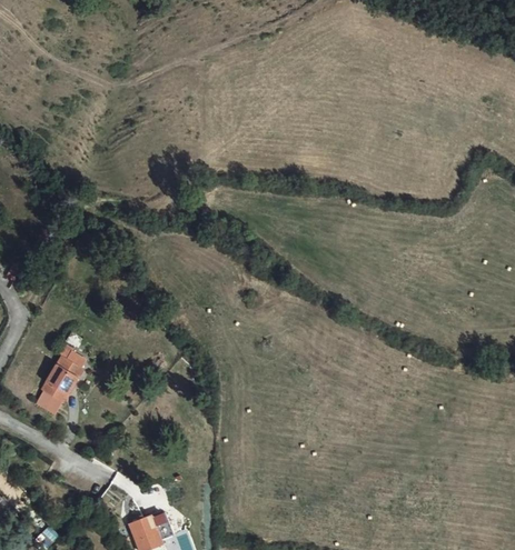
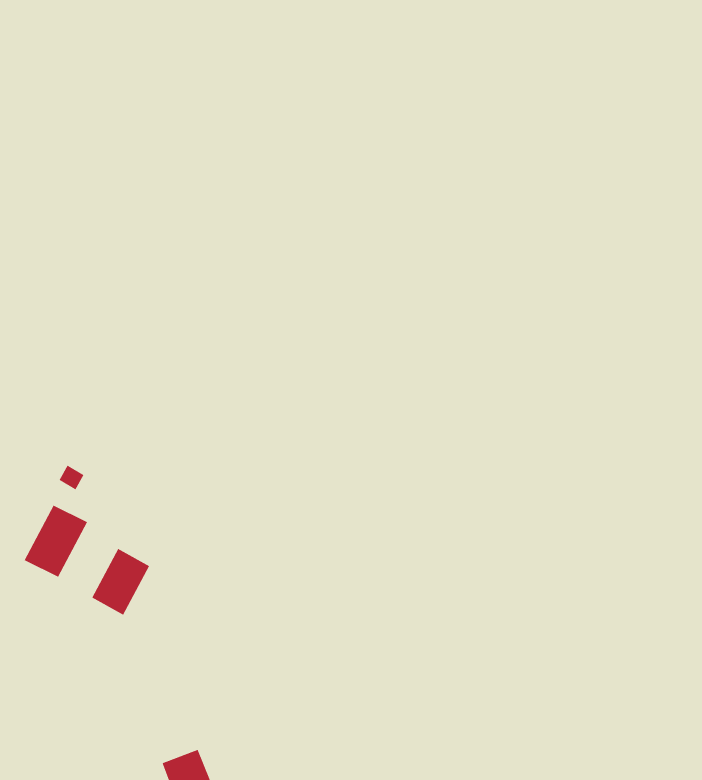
building: none -> [91,548,150,616]

